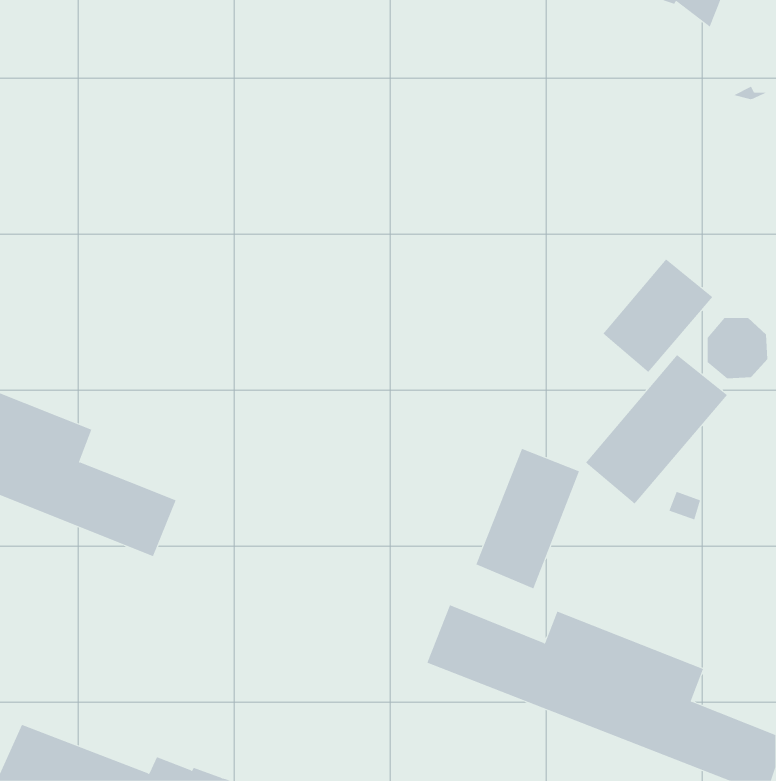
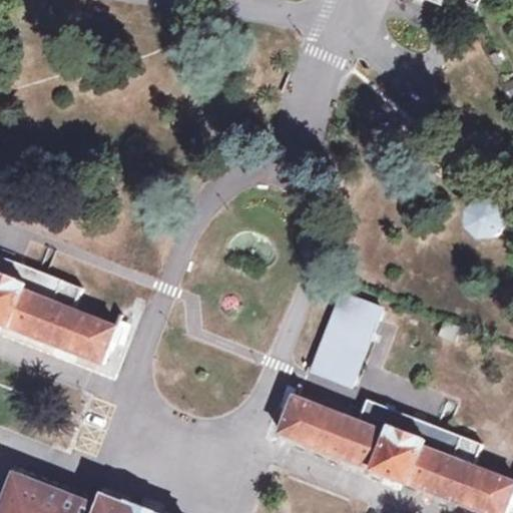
building: [602,258,713,373] -> none
building: [585,354,728,504] -> none

